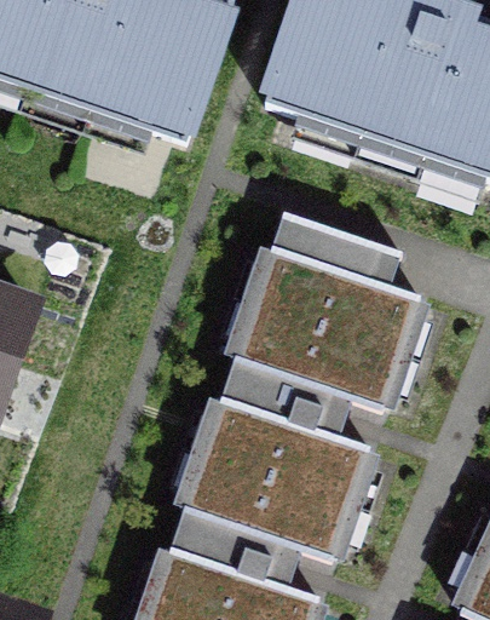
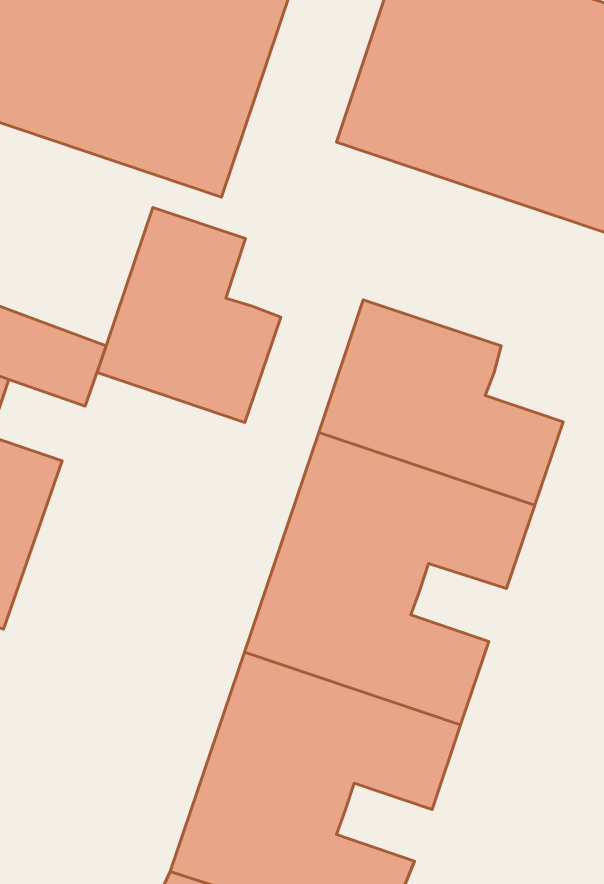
building: none -> [97,208,281,423]

